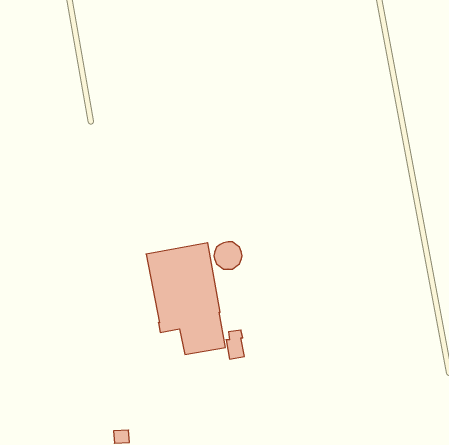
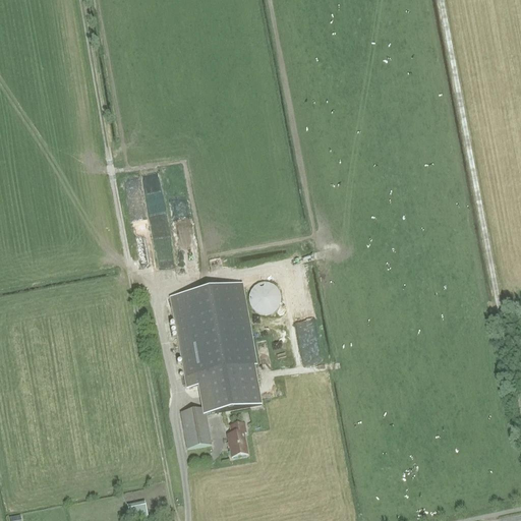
building: [226,330,244,359] -> [226,420,247,454]
building: none -> [179,405,211,446]

